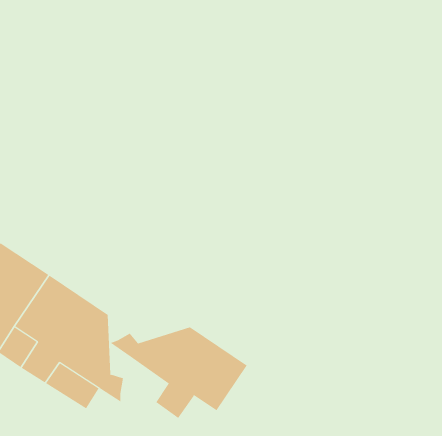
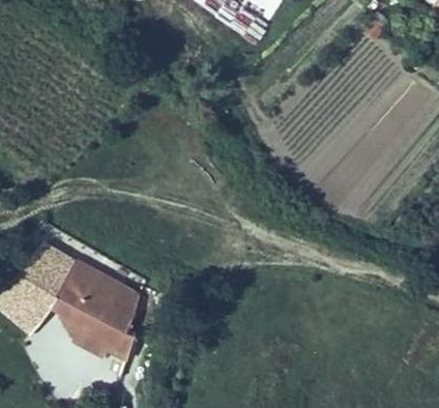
building: [110,326,247,419] -> none

